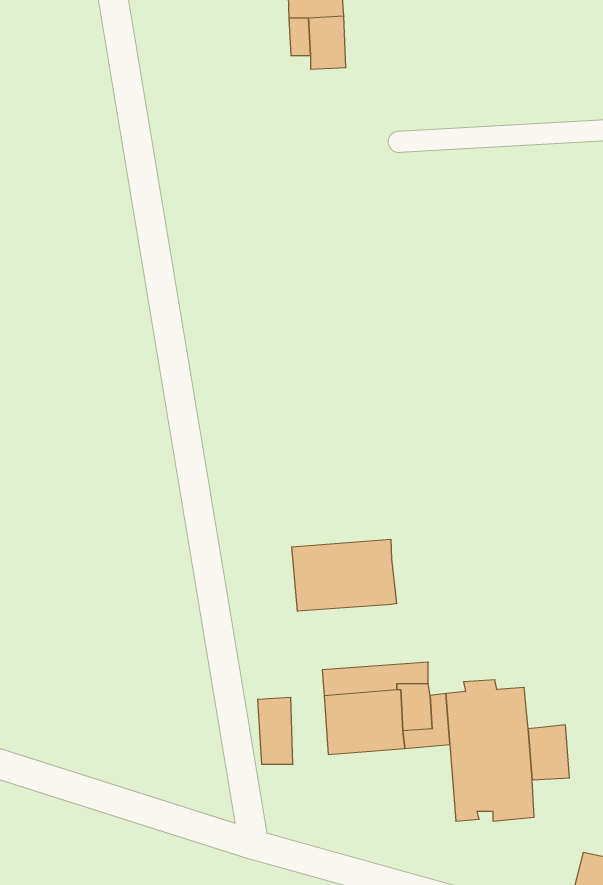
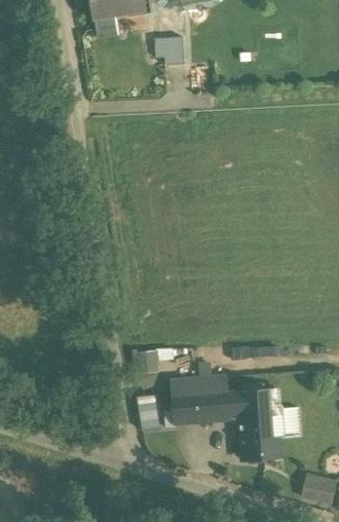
building: [292,539,396,611] -> none

